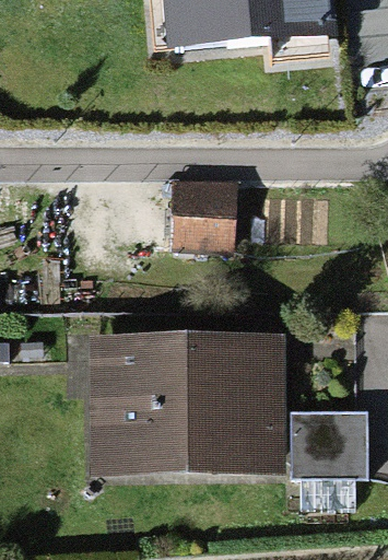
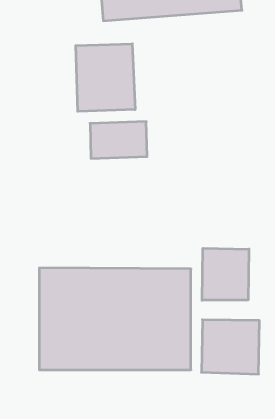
building: none -> [76,44,135,111]
building: none -> [202,248,249,300]

